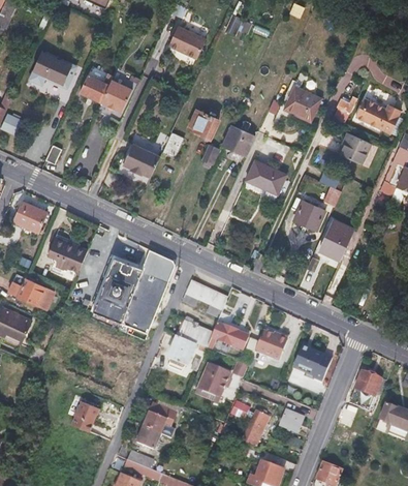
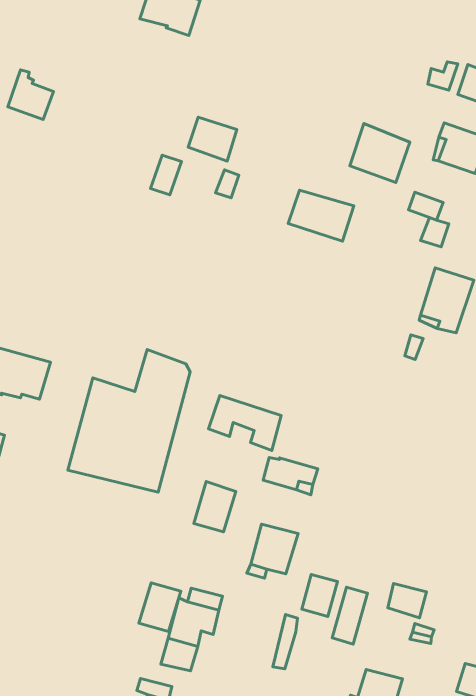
building: [101,79,132,111] -> none
building: [282,85,320,123] -> [350,124,410,183]
building: [221,126,254,157] -> none
building: [122,143,159,177] -> none
building: [293,199,324,229] -> none
building: [176,314,212,346] -> none
building: [250,330,285,362] -> none
building: [293,345,331,382] -> none
building: [71,401,99,432] -> [139,583,181,632]

